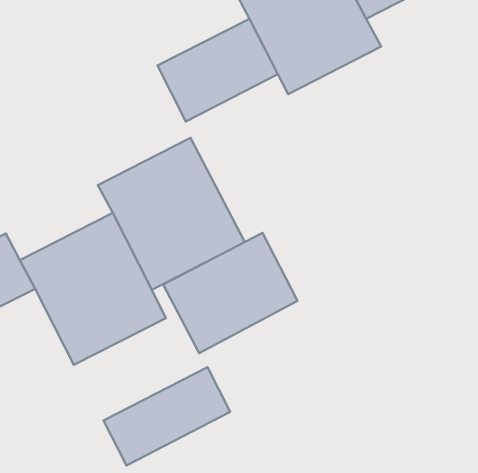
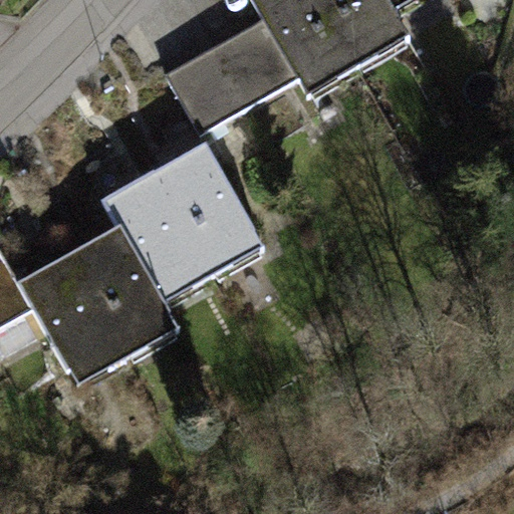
building: [163,233,297,353] -> none
building: [103,367,230,465] -> none

